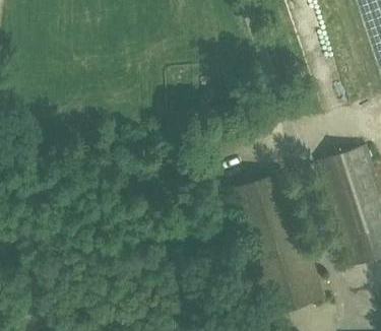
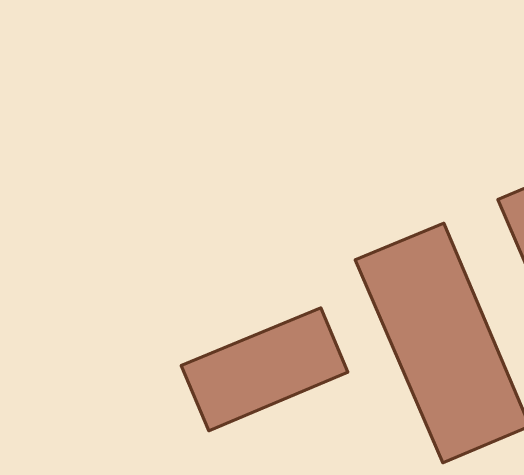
building: none -> [181,308,348,431]

